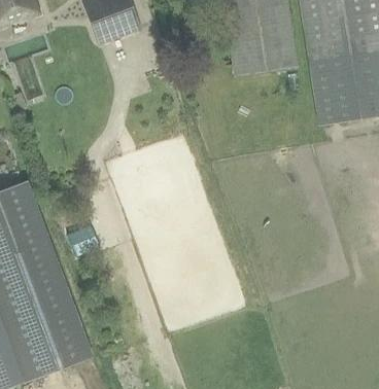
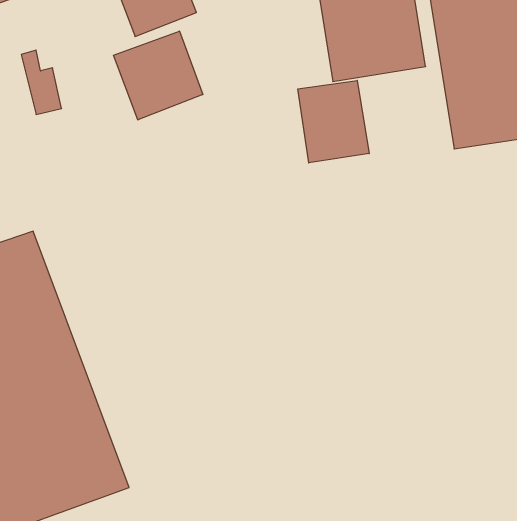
building: none -> [113,31,203,120]
building: none -> [298,80,369,163]

